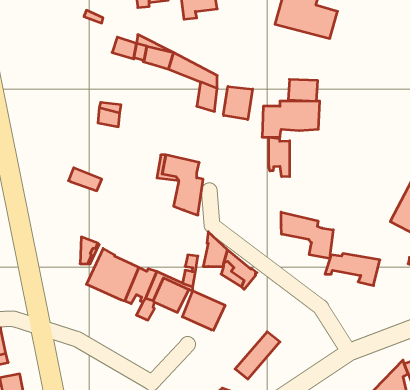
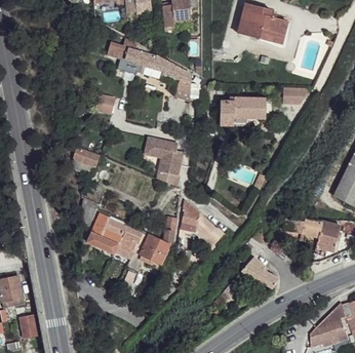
building: [288,79,318,101] -> [282,88,306,106]
building: [223,86,253,120] -> none
building: [269,137,290,177] -> none
building: [281,212,333,259] -> none
building: none -> [316,222,342,251]
building: [182,291,225,330] -> none
building: none -> [243,257,280,293]

